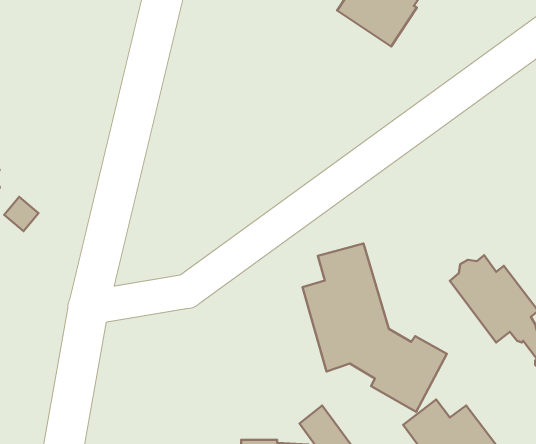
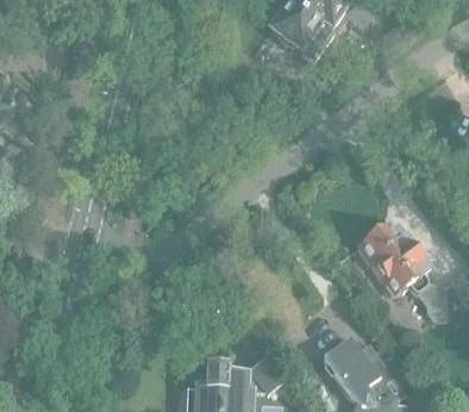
building: [303,243,447,412] -> none

